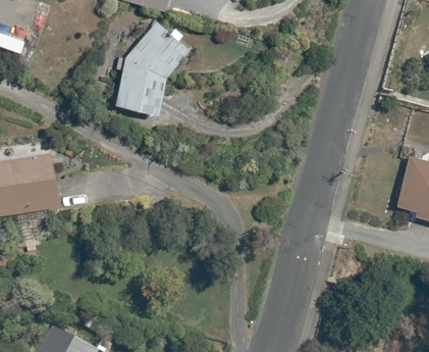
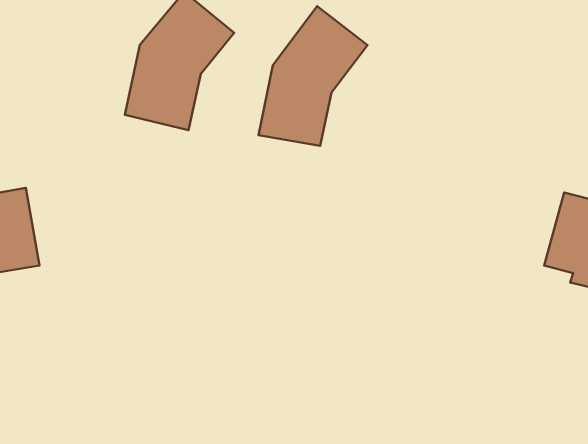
building: none -> [258,6,368,146]

